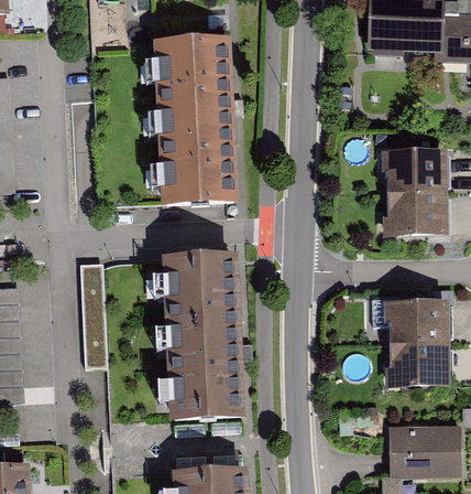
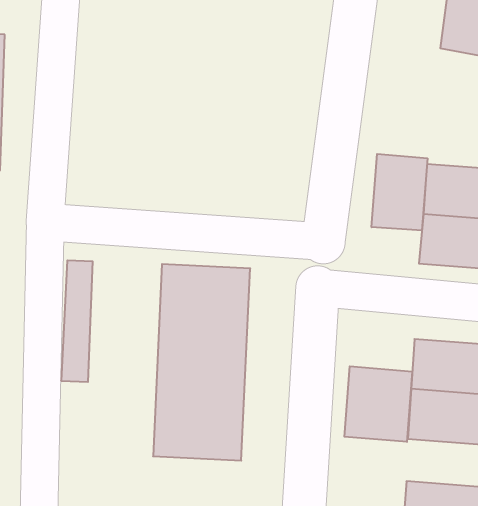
building: [152,36,237,205] -> none
building: none -> [372,154,427,230]
building: none -> [344,366,412,442]

